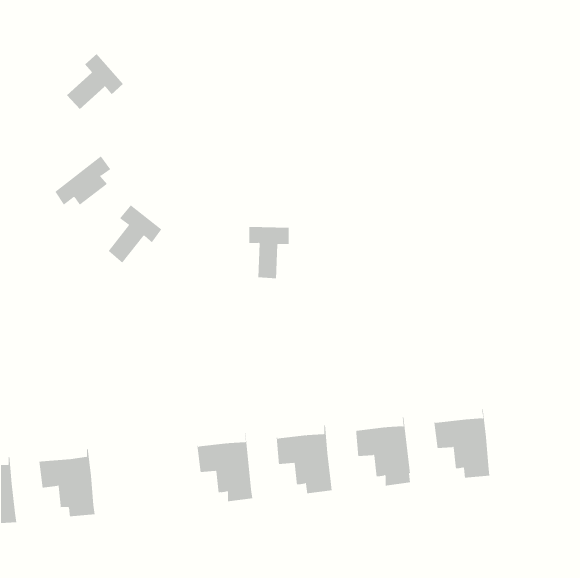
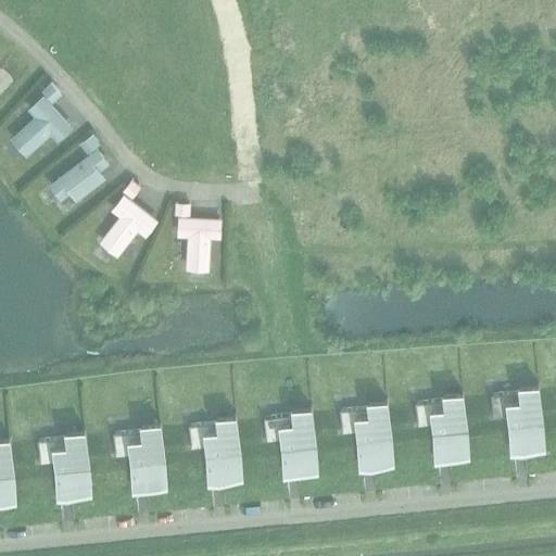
building: [66,53,124,110] -> [14,99,70,153]
building: [249,226,289,279] -> [180,219,219,269]
building: none -> [491,386,545,452]
building: none -> [113,424,167,489]

